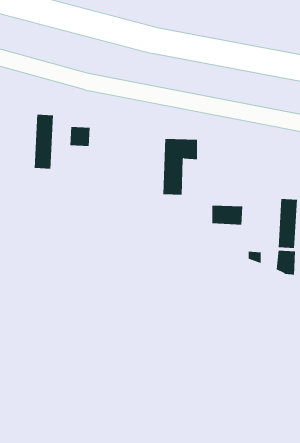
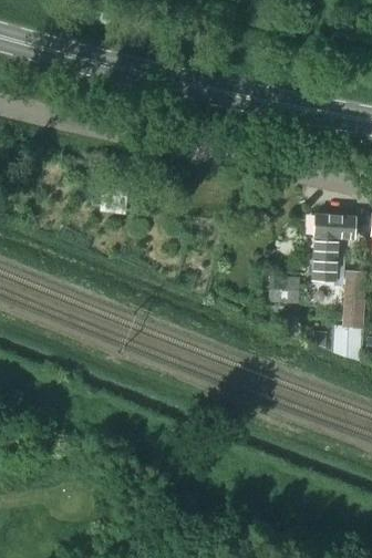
building: [34,114,53,169] -> none
building: [162,139,198,195] -> [312,214,353,279]

